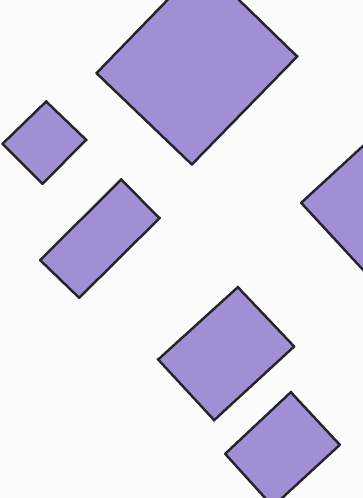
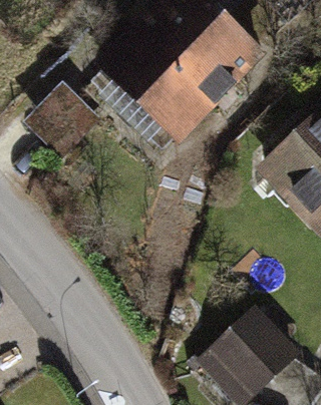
building: [40,179,160,298] -> none
building: [158,287,294,420] -> none

